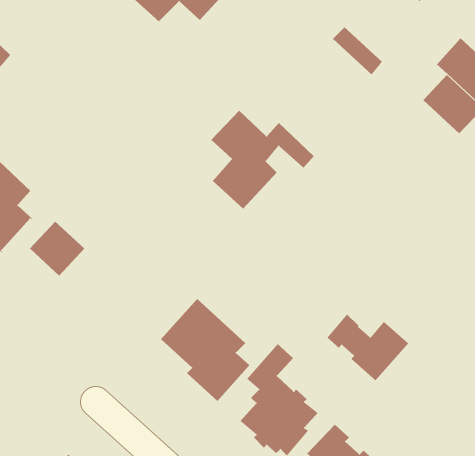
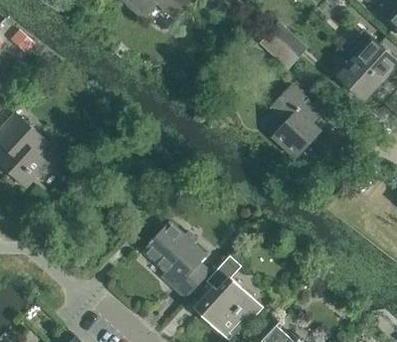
building: none -> [258,30,299,69]
building: [211,110,314,209] -> [270,84,347,158]
building: [29,221,85,276] -> none
building: [327,313,409,381] -> none

